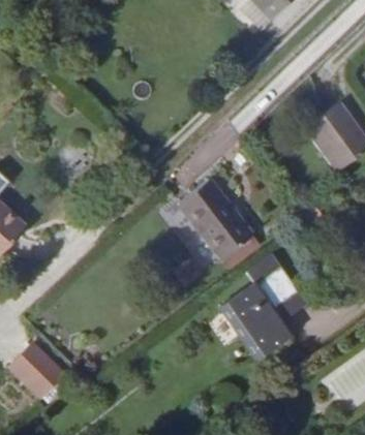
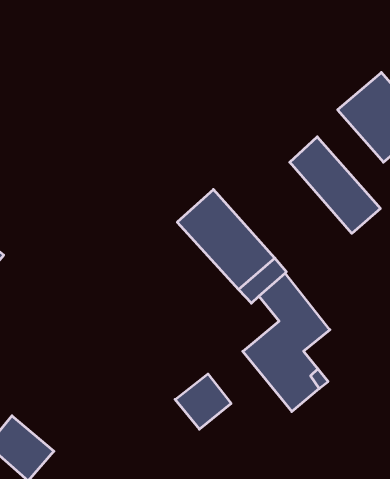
building: none -> [290,137,380,233]
building: none -> [175,374,231,429]

